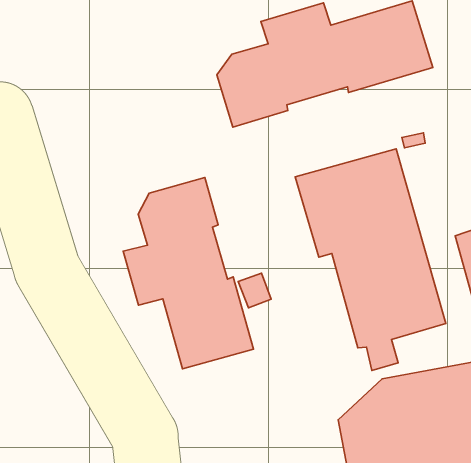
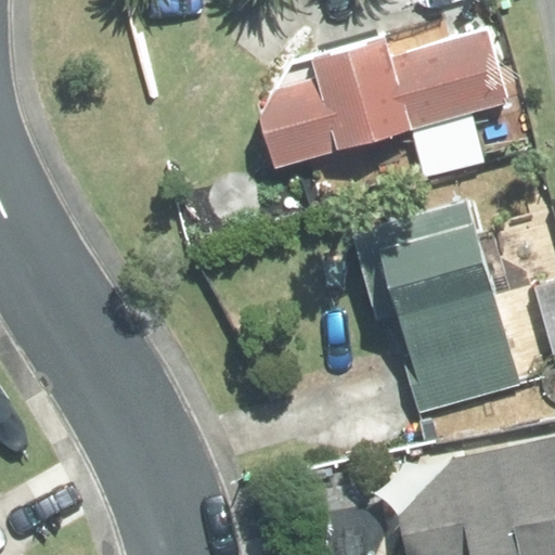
building: [123,177,253,369] -> none

